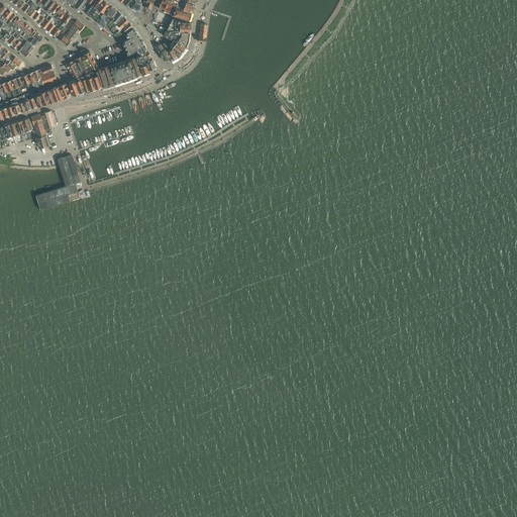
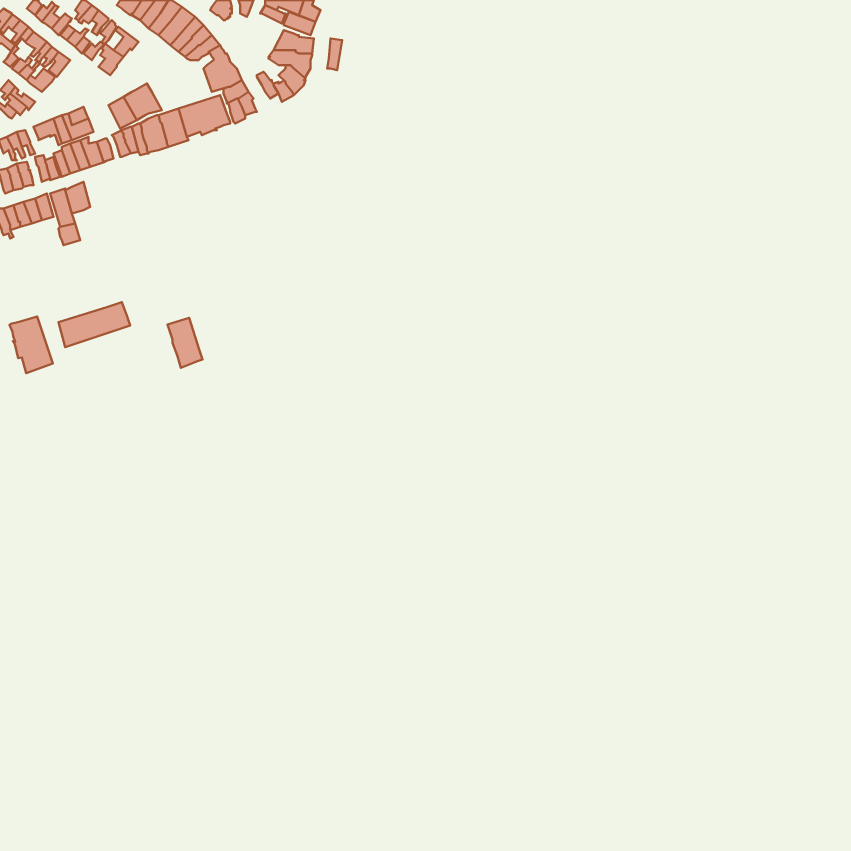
building: [58,156,79,186] -> [168,318,203,368]
building: none -> [10,317,53,373]

